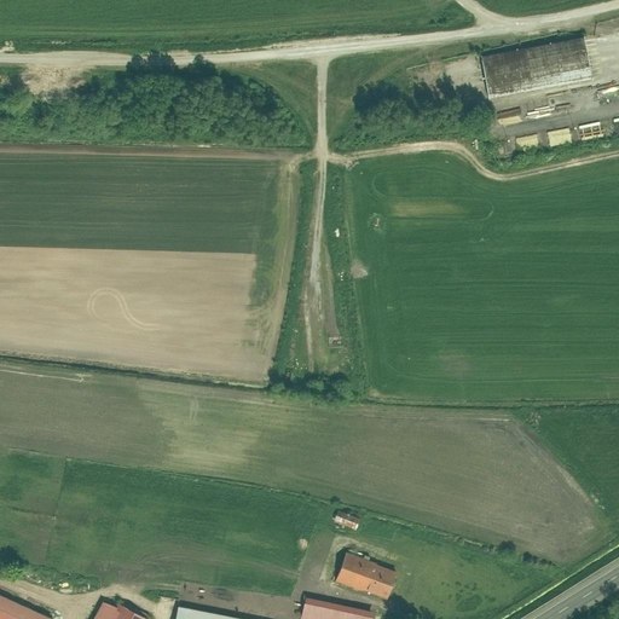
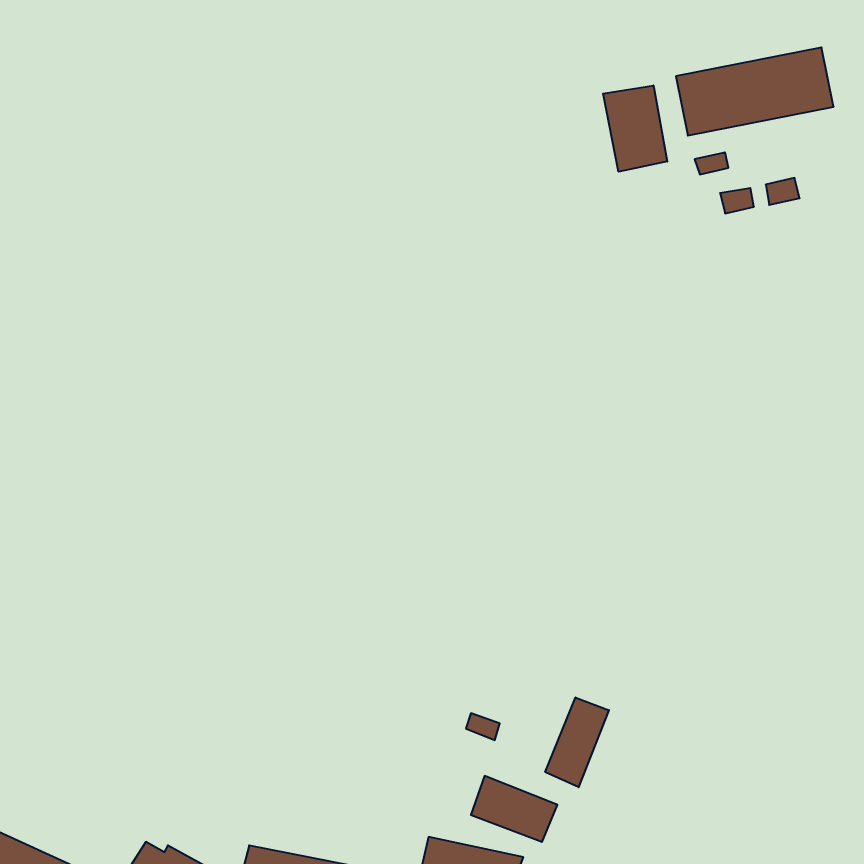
building: none -> [603,85,667,172]
building: none -> [545,697,609,787]

